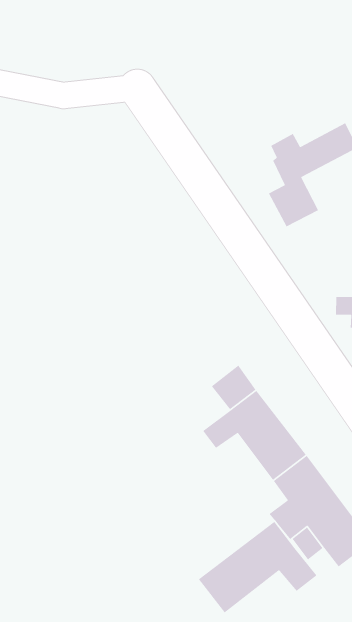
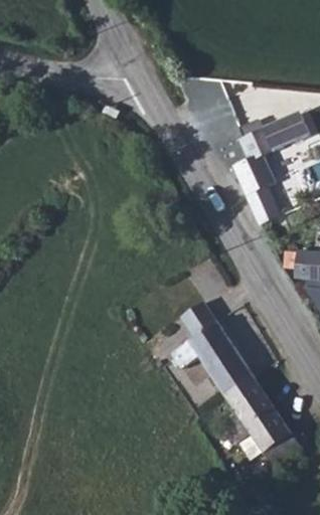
building: [198,521,318,614] -> none

